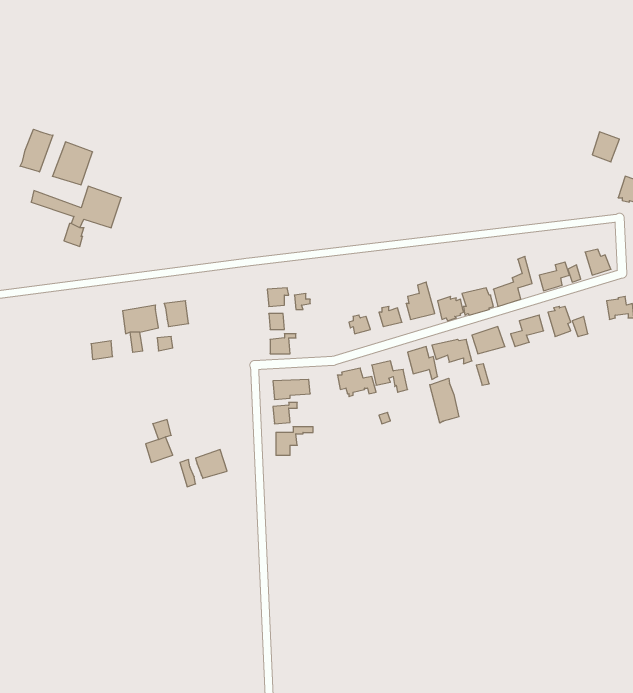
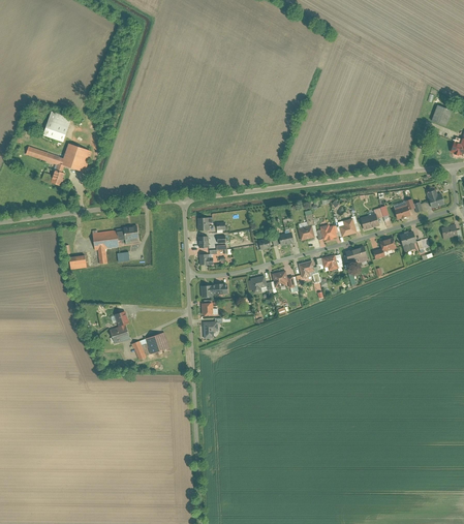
building: [20,129,53,172] -> none
building: [430,378,459,423] -> none

